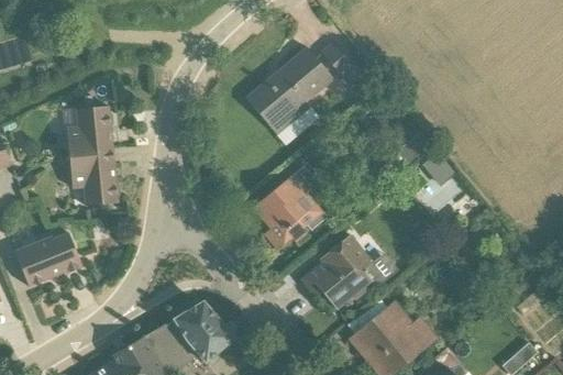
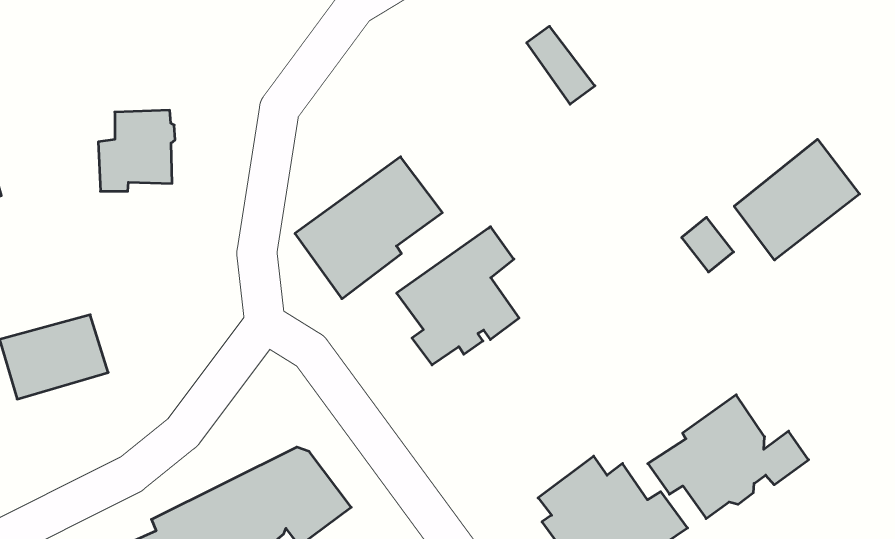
building: [245,47,333,135] -> [295,157,442,299]
building: none -> [734,139,860,260]
building: [69,150,119,205] -> none
building: [299,233,396,309] -> [648,395,809,519]

